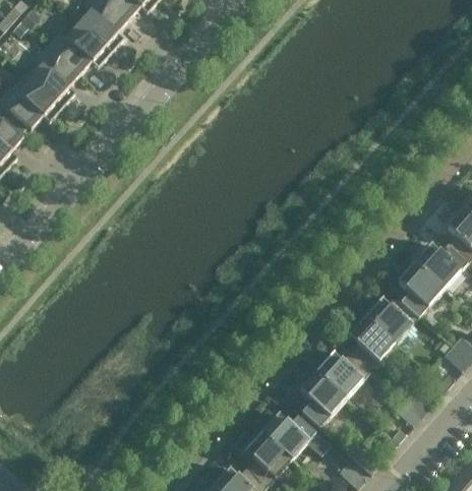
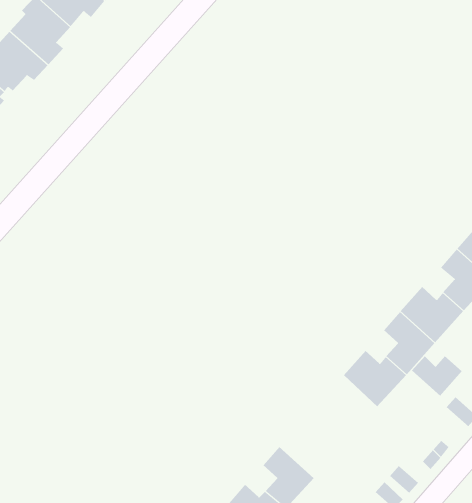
building: none -> [411,355,462,397]
building: [299,373,343,428] -> none
building: [258,413,314,462] -> none

